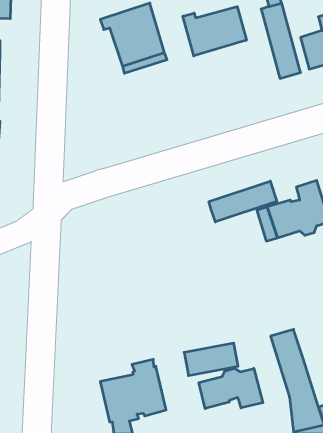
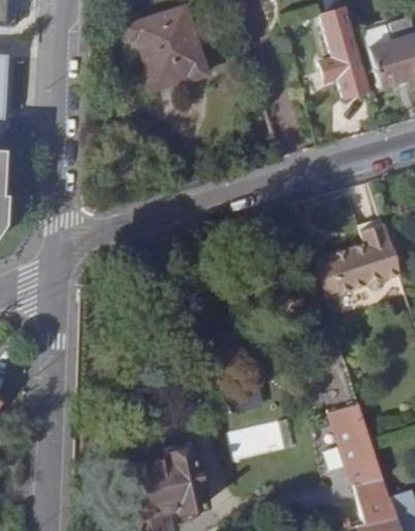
building: [183,7,246,56] -> none
building: [209,181,277,222] -> none
building: [199,368,263,409] -> none

